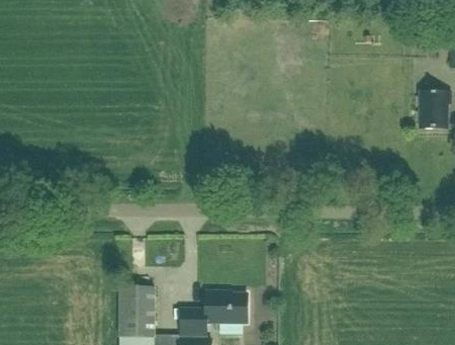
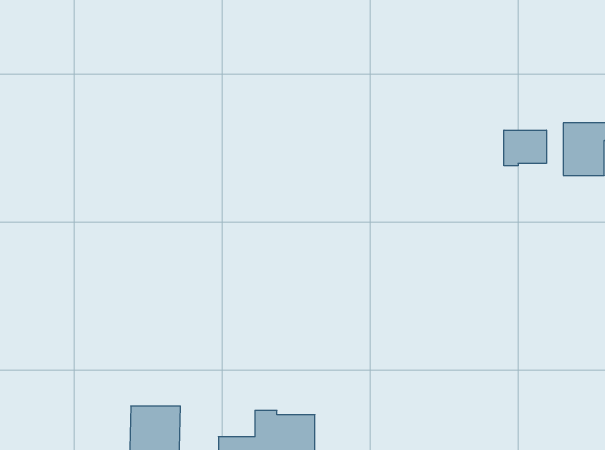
building: none -> [504,130,546,166]

